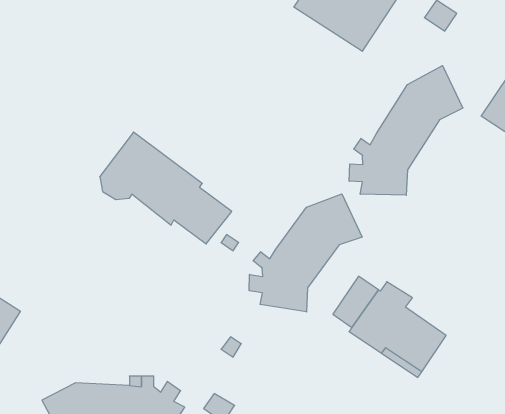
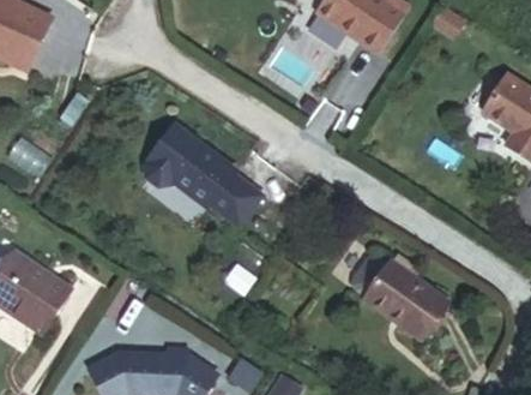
building: [349,66,463,195] -> none
building: [249,194,362,312] -> none

